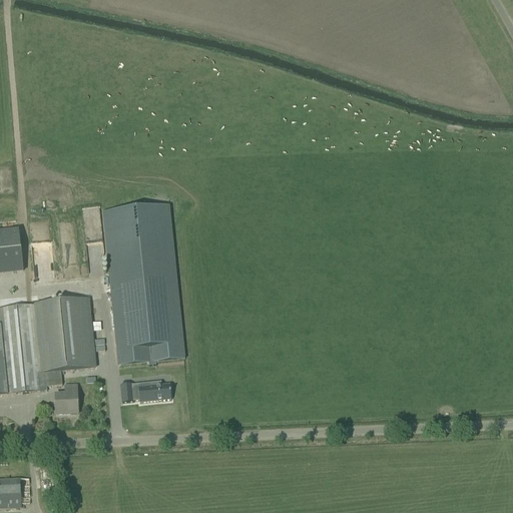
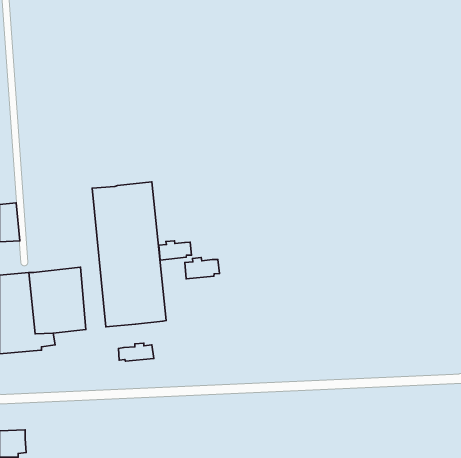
building: none -> [159,241,192,260]
building: none -> [185,258,220,279]
building: [54,383,77,412] -> none

